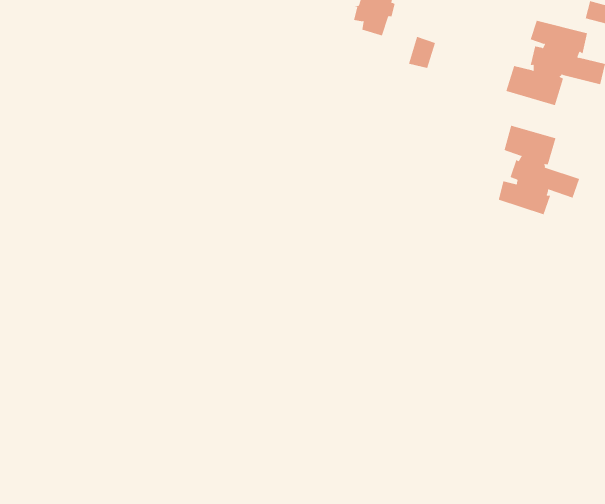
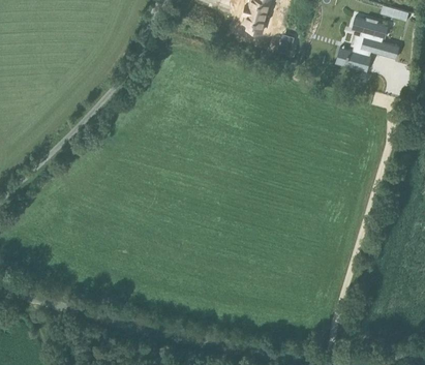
building: [498,125,580,215] -> none

